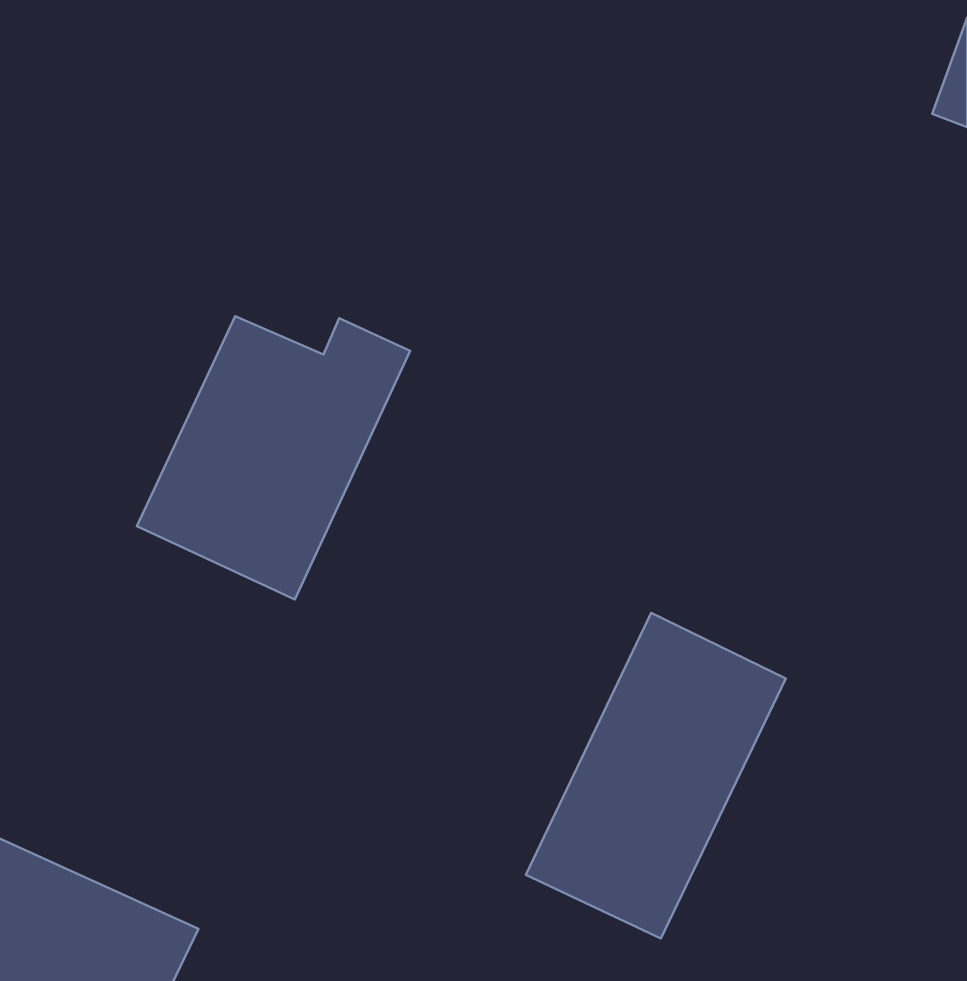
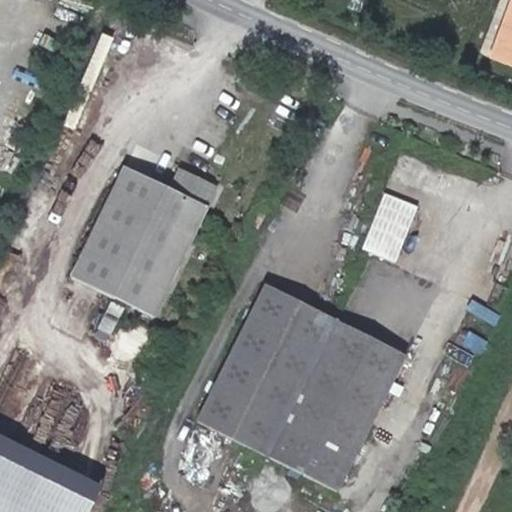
building: none -> [354,193,412,264]
building: none -> [202,286,338,456]

